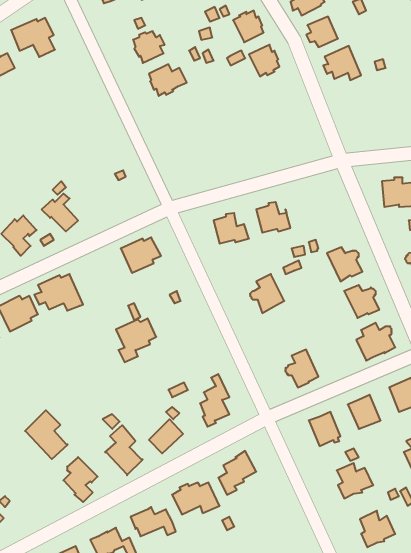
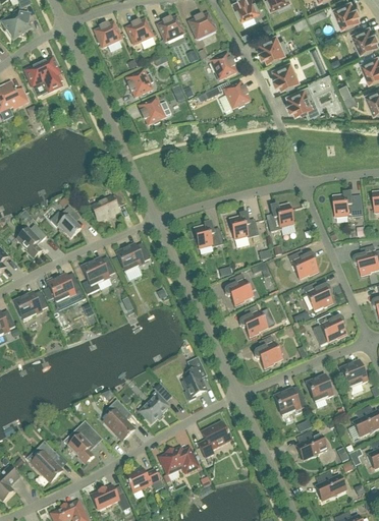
building: none -> [91,196,118,220]
building: none -> [266,204,293,231]
building: none -> [239,304,267,336]
building: [116,318,156,362] -> [80,256,114,293]
building: [25,410,68,459] -> [26,441,62,481]

